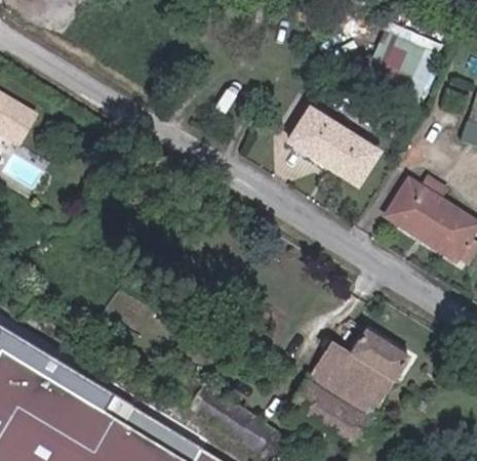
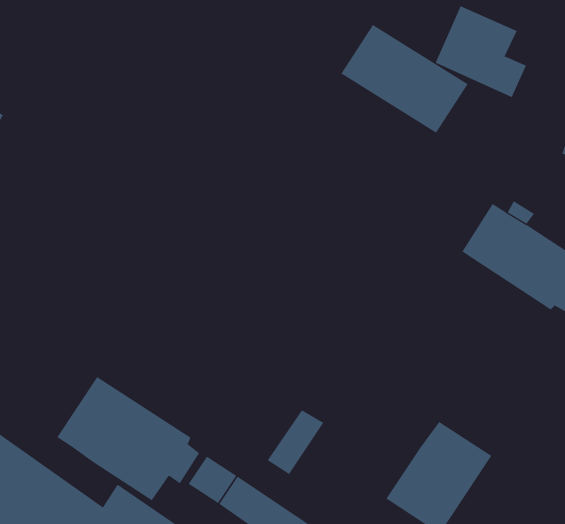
building: [282,106,381,190] -> [341,24,469,134]
building: none -> [57,376,200,501]
building: [308,353,352,404] -> [267,409,324,475]

